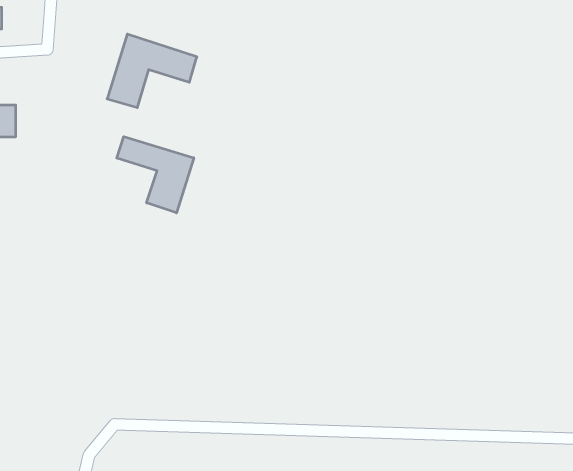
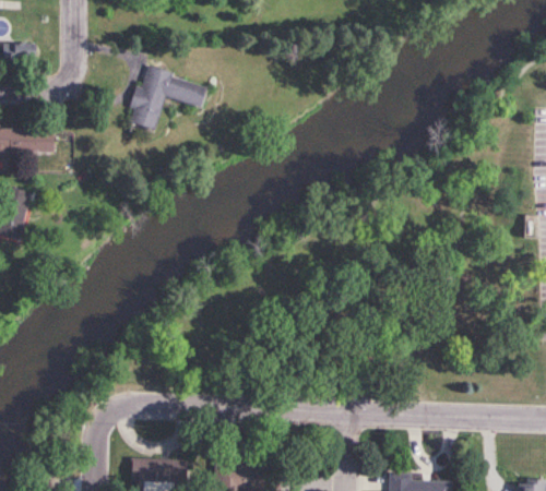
building: [117,137,194,213] -> none

